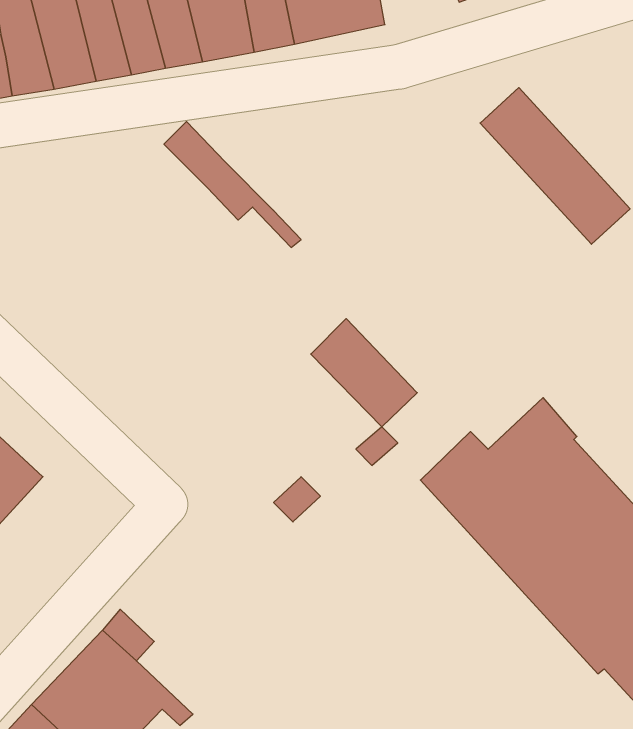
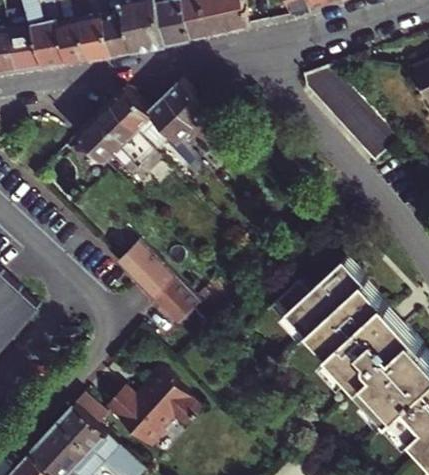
building: none -> [151,81,234,152]
building: none -> [80,102,153,183]
building: [311,319,417,427] -> [120,240,186,307]
building: none -> [107,362,203,445]

